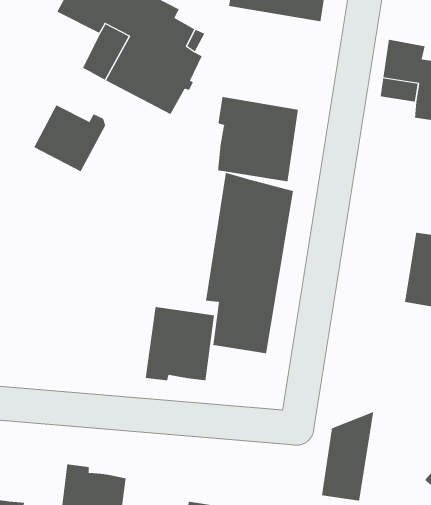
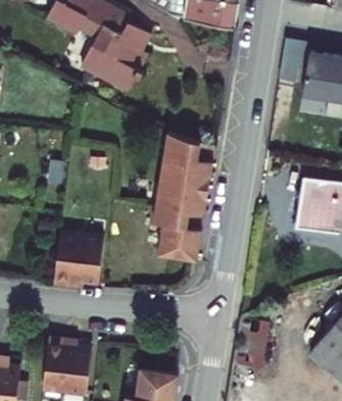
building: [217,96,299,182] -> none
building: [34,105,106,172] -> none
building: [145,307,215,381] -> [52,235,102,288]

